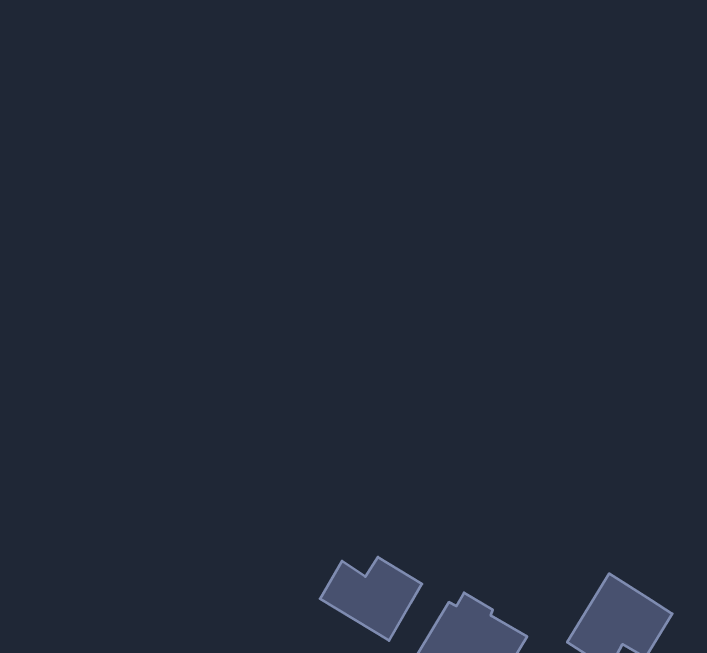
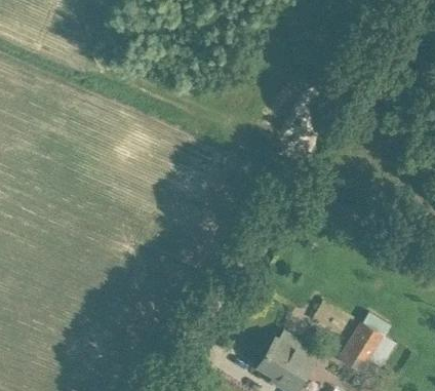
building: [320,557,422,641] -> none

